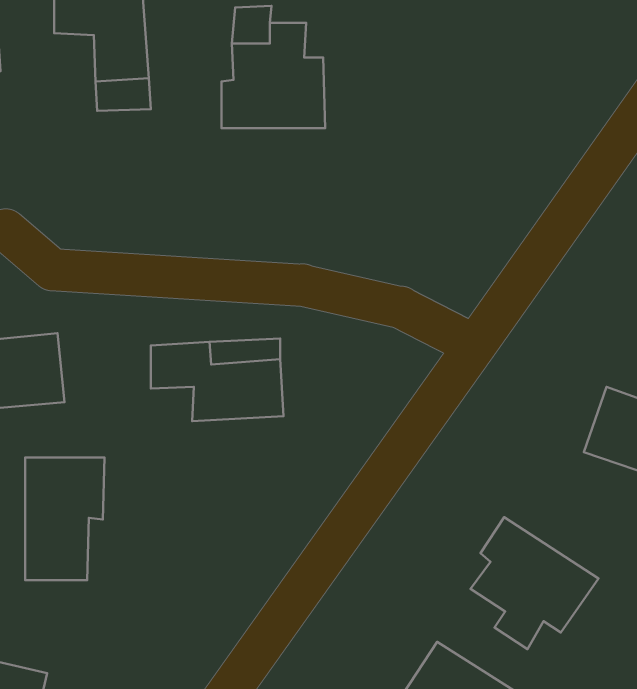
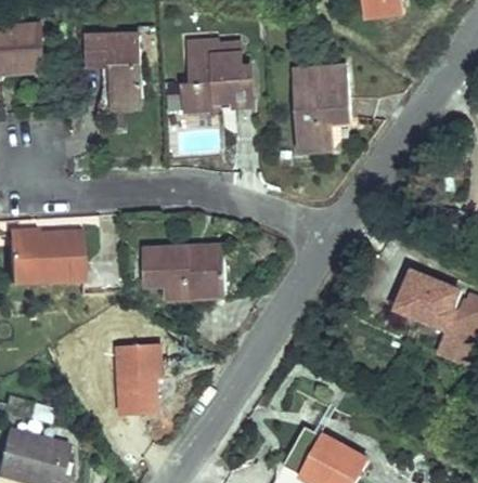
building: none -> [288,57,344,144]
building: [25,458,104,580] -> [118,352,168,429]
building: [471,517,598,649] -> none

